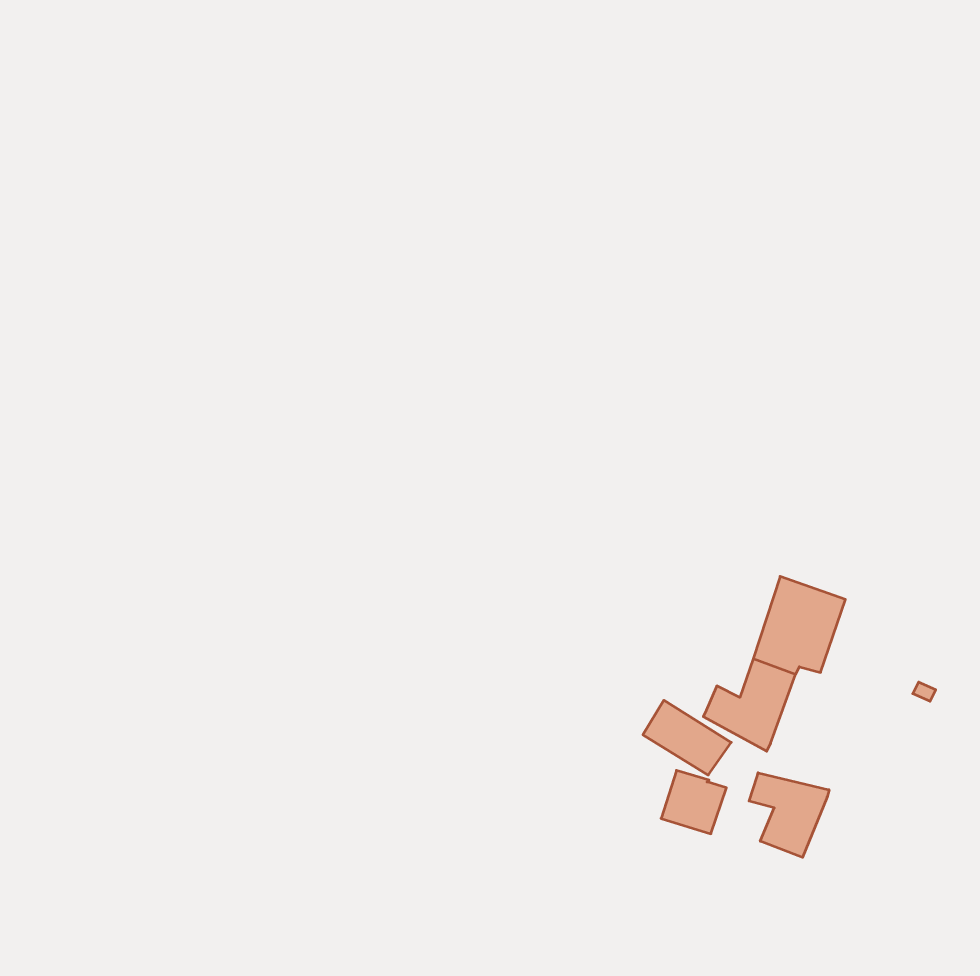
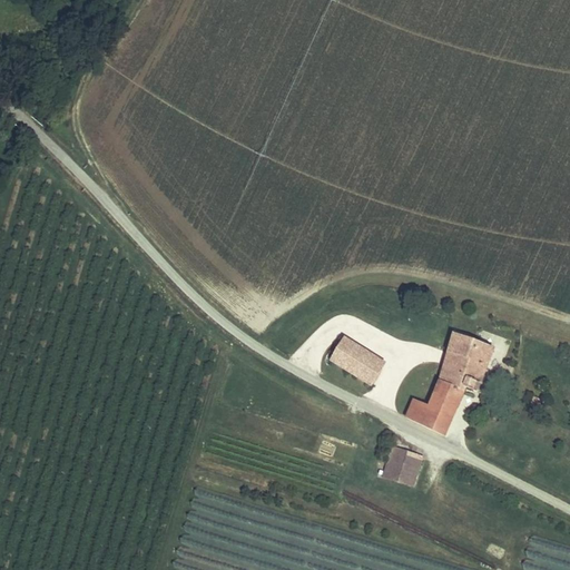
building: [643,700,731,775] -> [333,337,384,381]
building: [749,773,829,857] -> none

